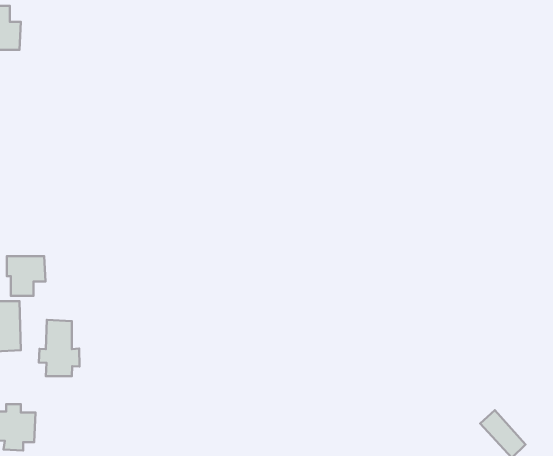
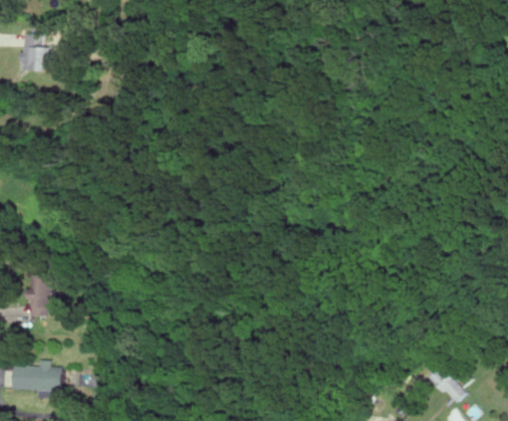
building: [7,256,46,296] -> none
building: [39,320,80,376] -> none

